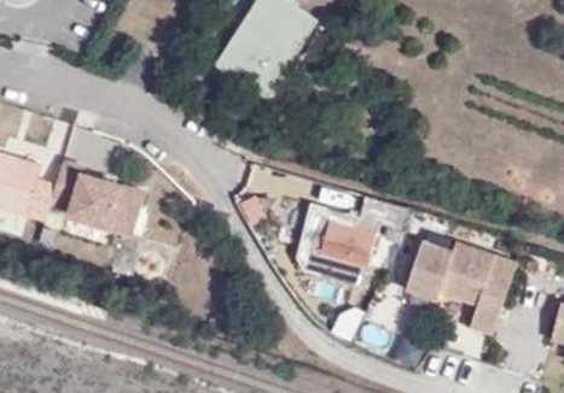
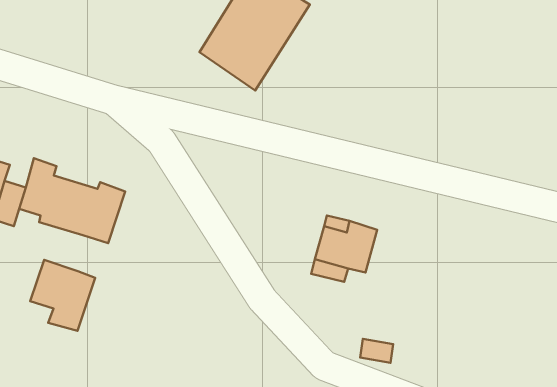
building: [405,240,517,330] -> none
building: none -> [30,260,95,331]

